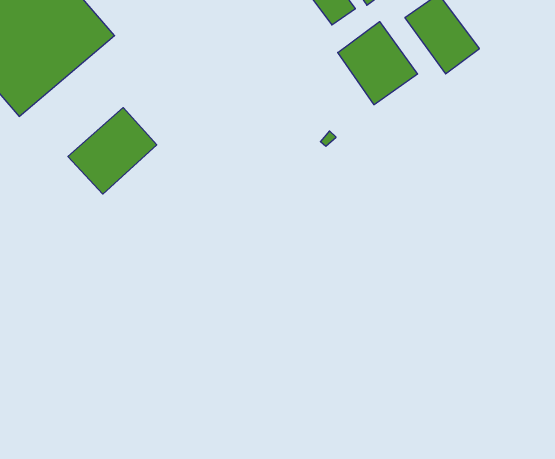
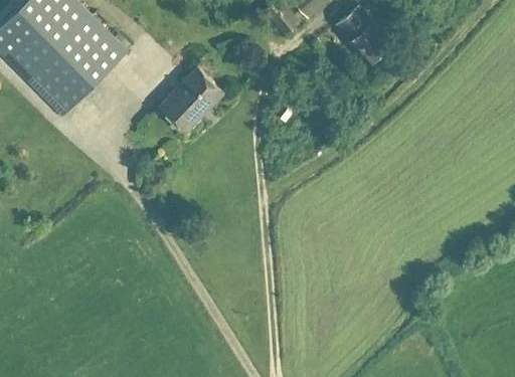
building: [338,22,418,105] -> none
building: [68,108,157,194] -> [160,67,223,131]

